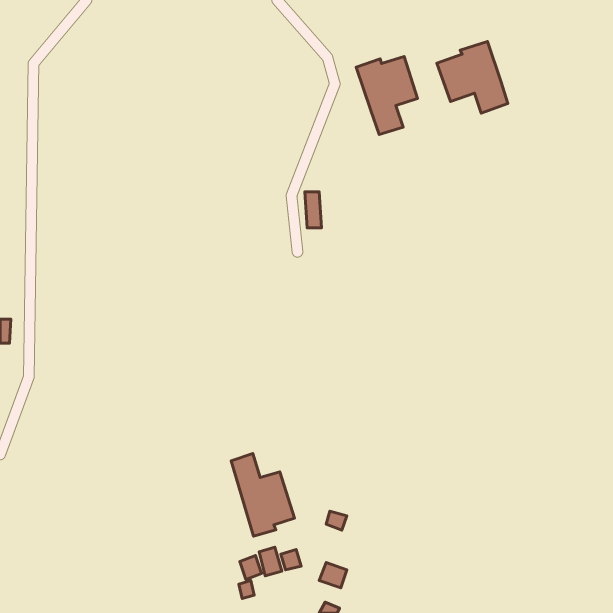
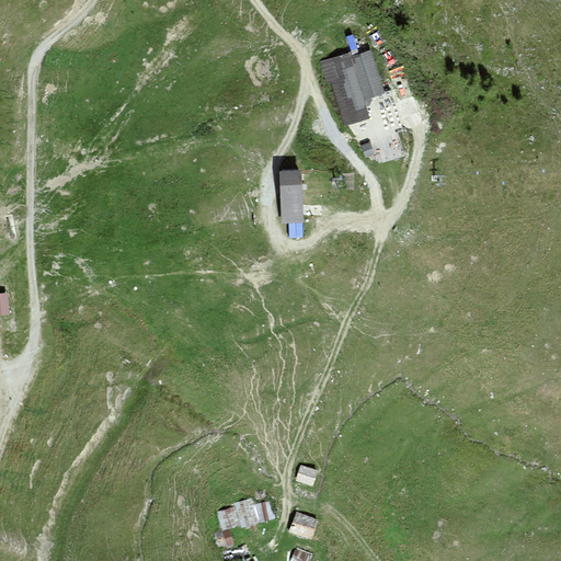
building: [437,41,508,113] -> none
building: [231,453,294,536] -> none

